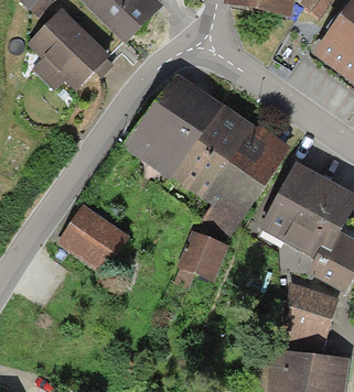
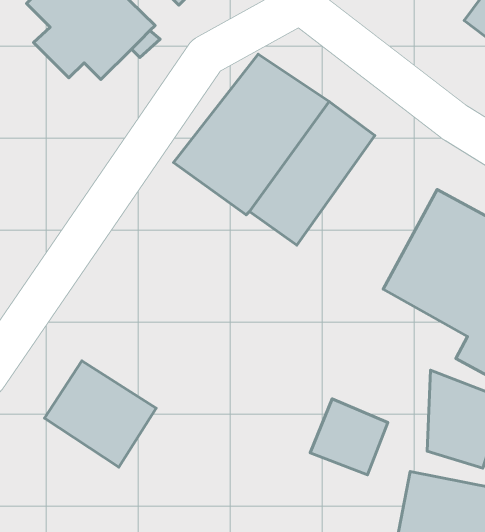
building: [200,122,291,238] -> none
building: [57,205,130,274] -> [45,361,156,467]
building: [176,230,227,280] -> [310,399,388,475]

